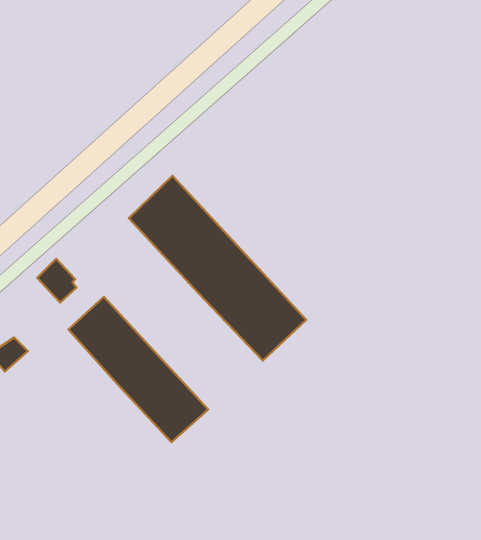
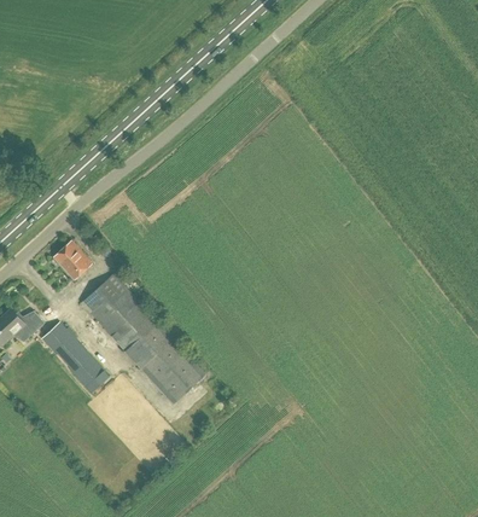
building: [129,176,306,361] -> none
building: none -> [41,323,109,394]

